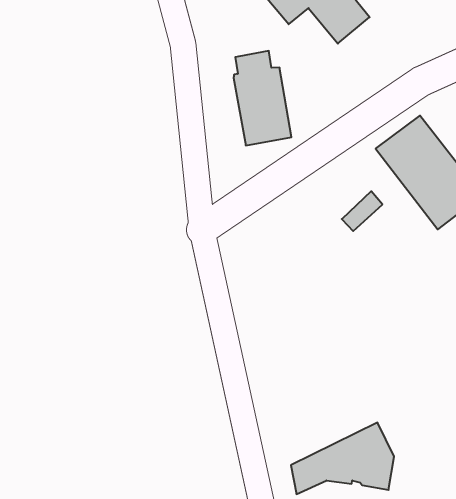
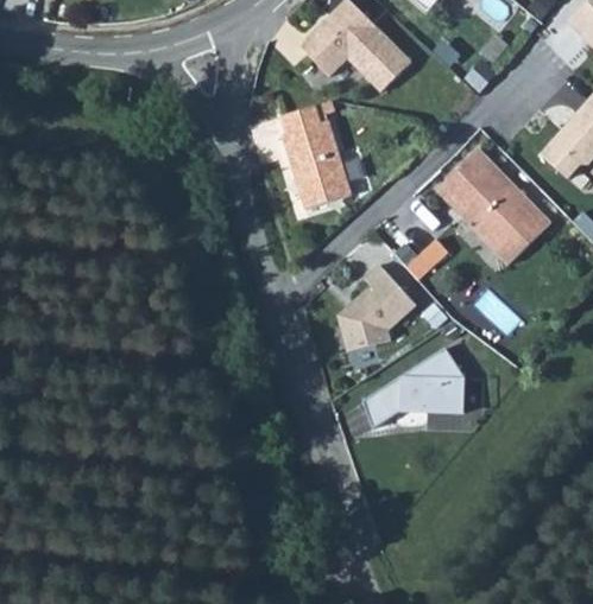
building: none -> [336,265,416,351]
building: [291,423,394,494] -> [365,345,468,428]

